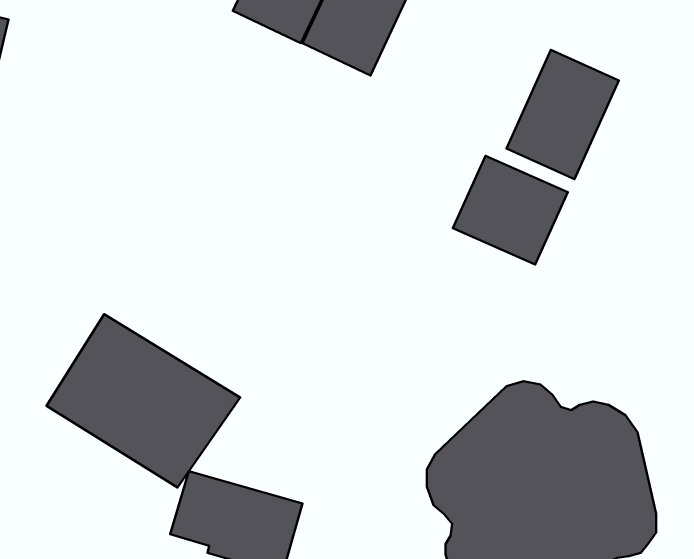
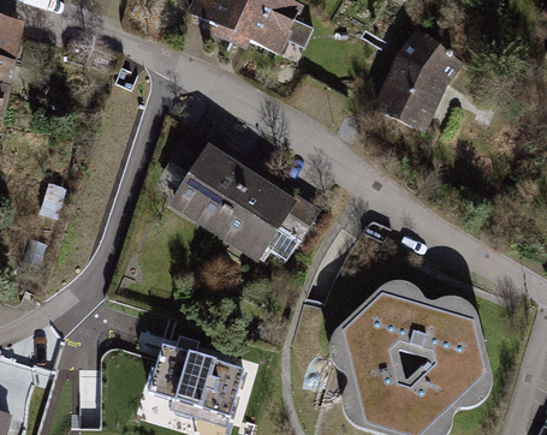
building: [453,156,568,265] -> none
building: [47,314,240,487] -> [167,142,304,264]

